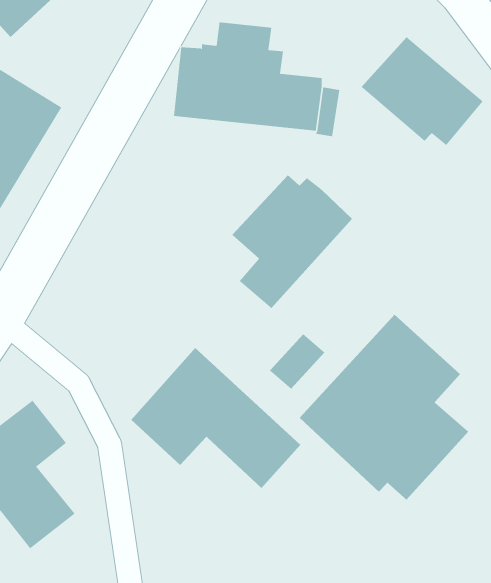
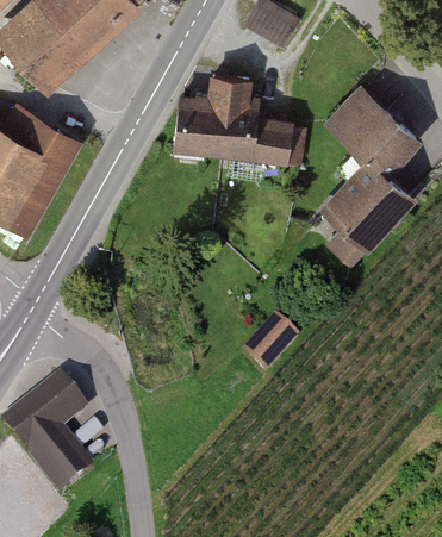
building: [232,174,353,309] -> [322,161,419,269]
building: [299,314,469,500] -> none
building: [131,347,301,489] -> none

